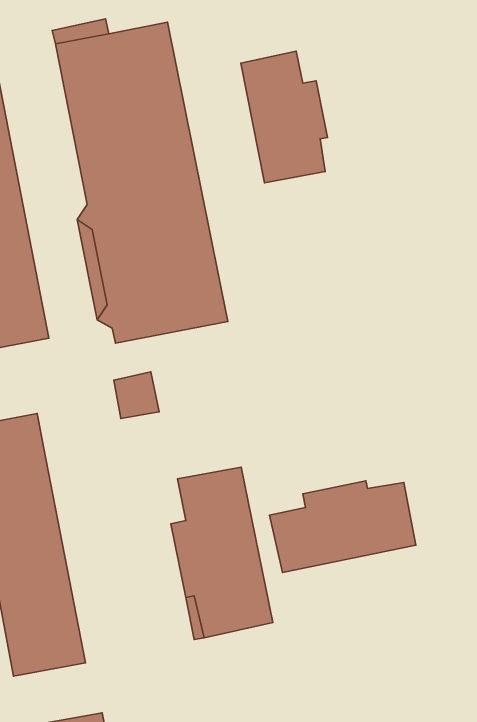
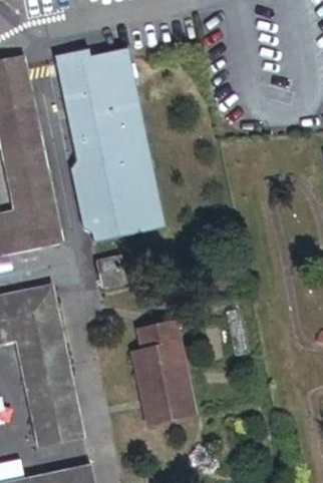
building: [241,51,327,183] -> none
building: [270,481,416,572] -> none

